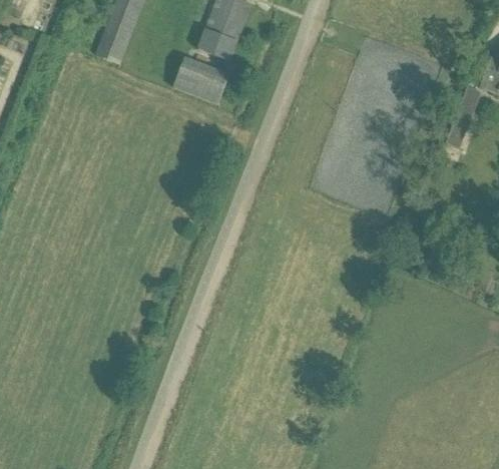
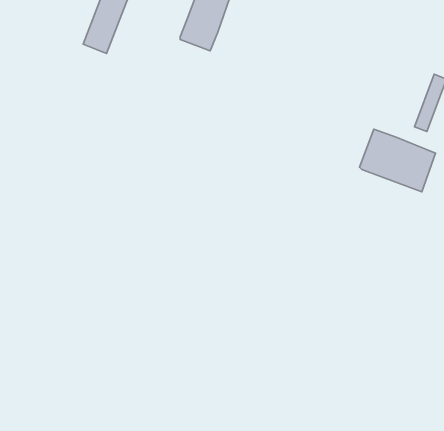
building: [173,57,227,101] -> none
building: none -> [359,129,436,192]

